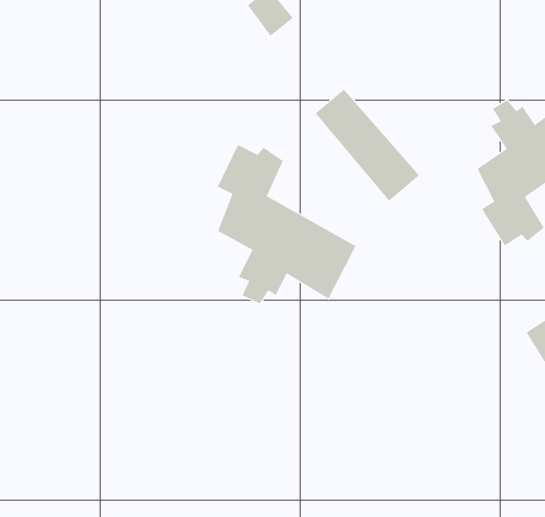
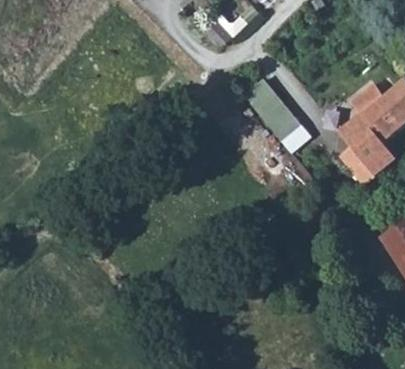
building: [217,144,356,304] -> none

